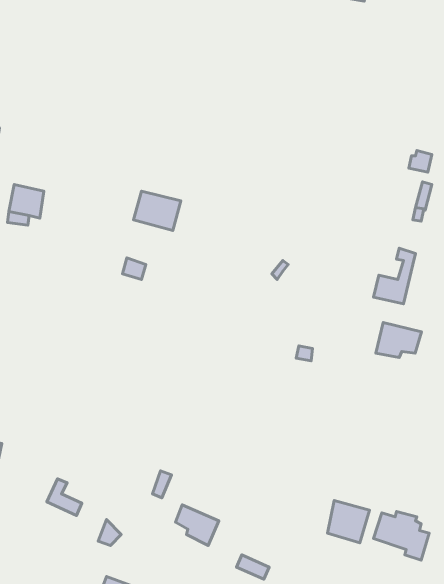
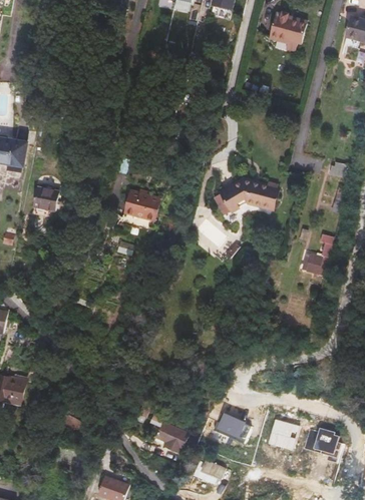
building: none -> [213,179,278,214]
building: [376,322,422,358] -> none
building: none -> [213,413,250,442]

